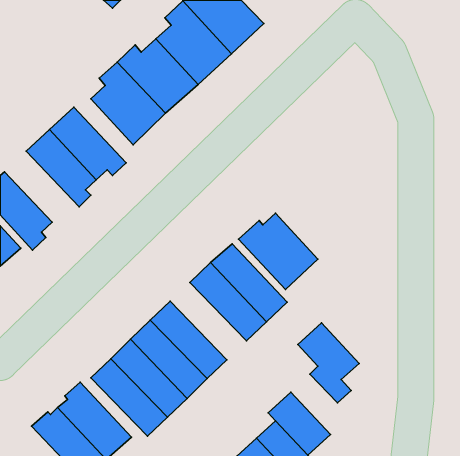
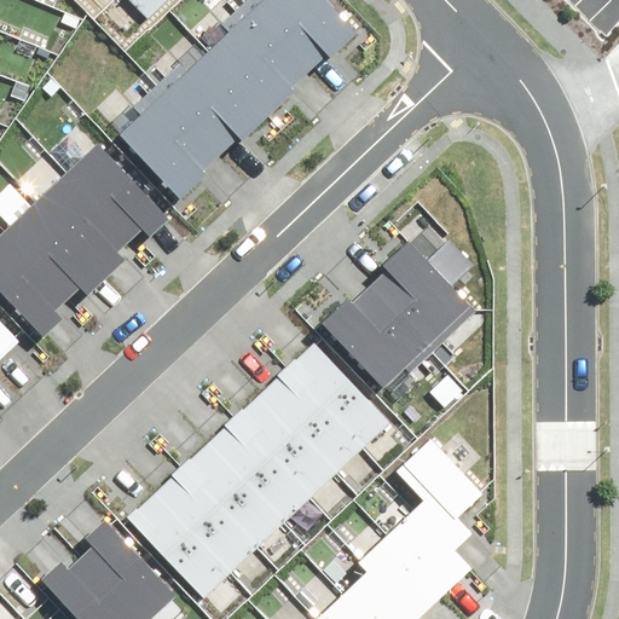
building: none -> [6,208,106,303]
building: none -> [370,245,474,353]
building: none -> [228,384,331,488]
building: none -> [391,508,470,589]

